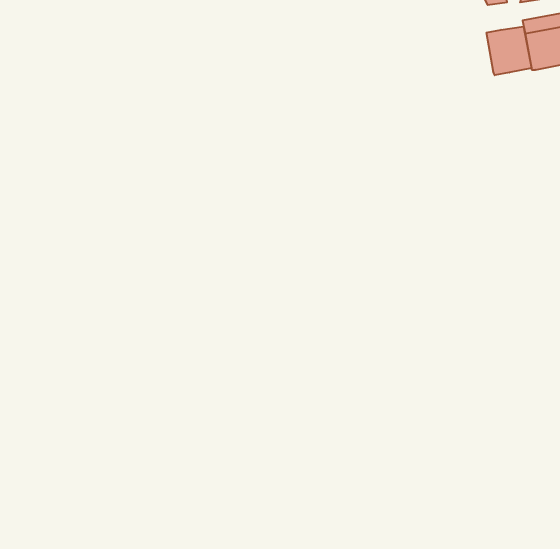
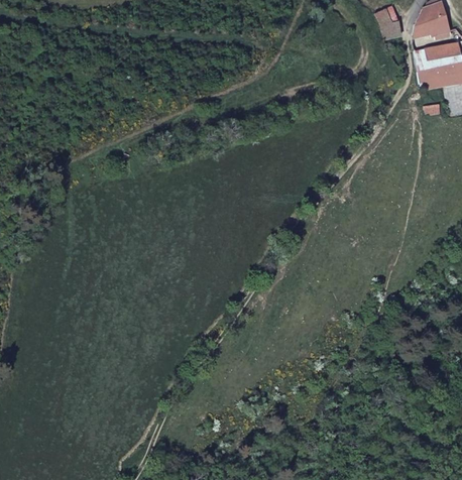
building: [487,26,531,75] -> none

